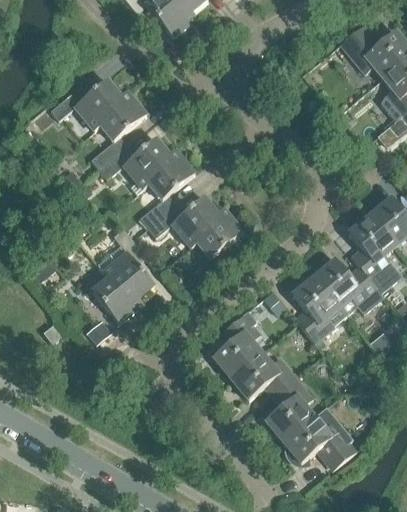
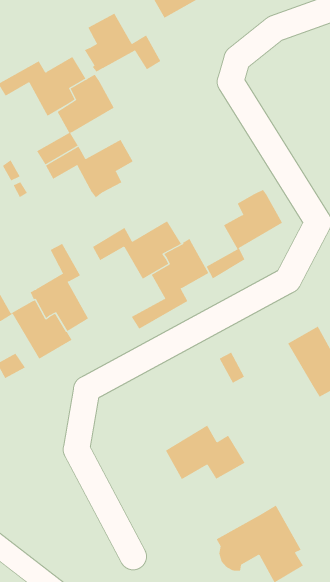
building: none -> [84,13,161,73]
building: [139,149,194,227] -> [206,189,283,279]
building: [292,277,339,342] -> none
building: [213,313,261,378] -> none
building: [265,377,314,441] -> none

